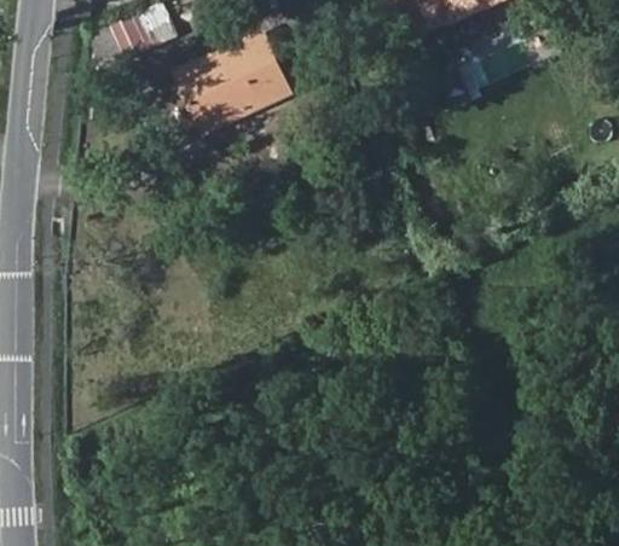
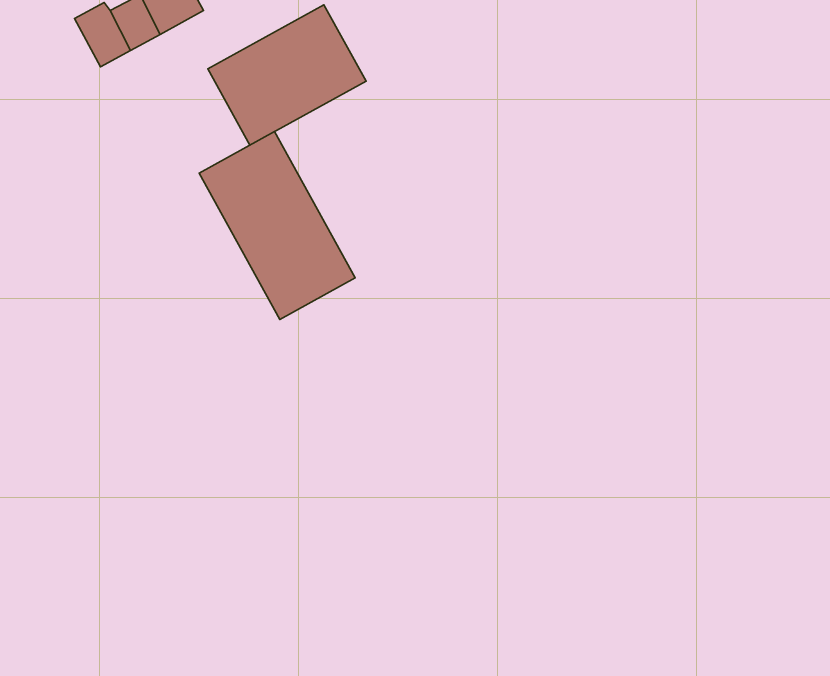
building: none -> [199,132,355,320]

